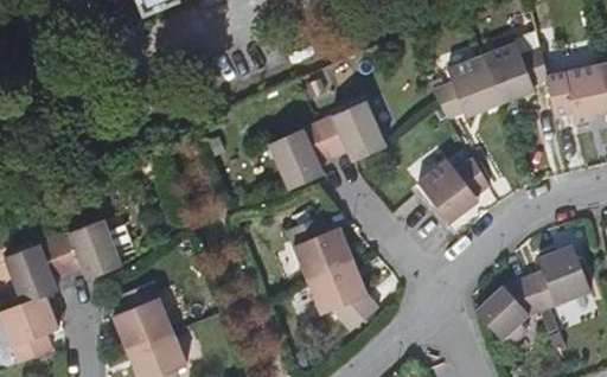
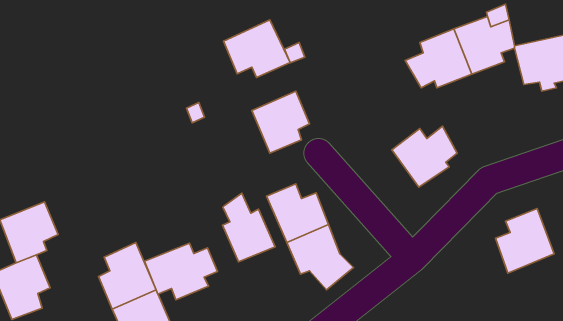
building: [318,100,388,160] -> [224,20,290,77]
building: [53,219,130,279] -> [144,243,218,300]
building: none -> [223,193,275,262]
building: [475,276,541,347] -> none

